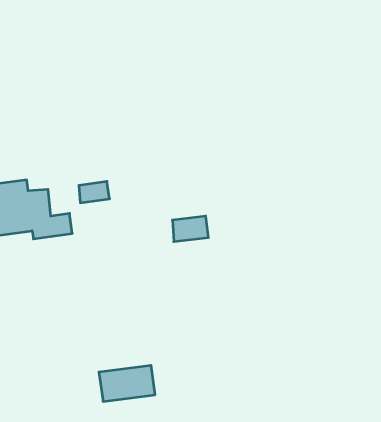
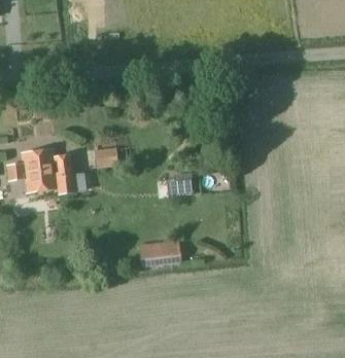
building: [99,365,155,401] -> [139,239,182,266]

